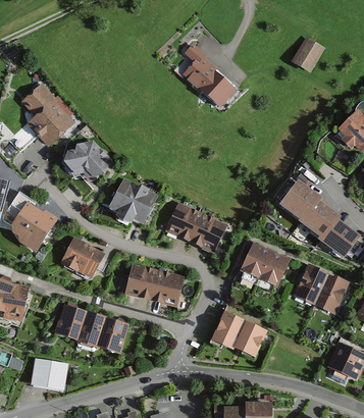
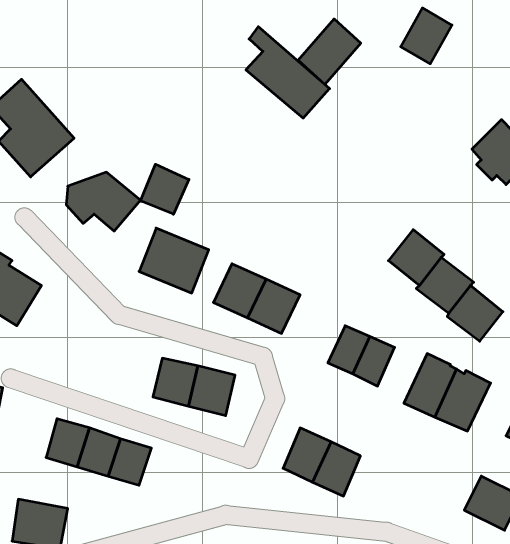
building: none -> [298,19,361,85]
building: none -> [140,164,189,214]
building: [61,240,101,275] -> none

